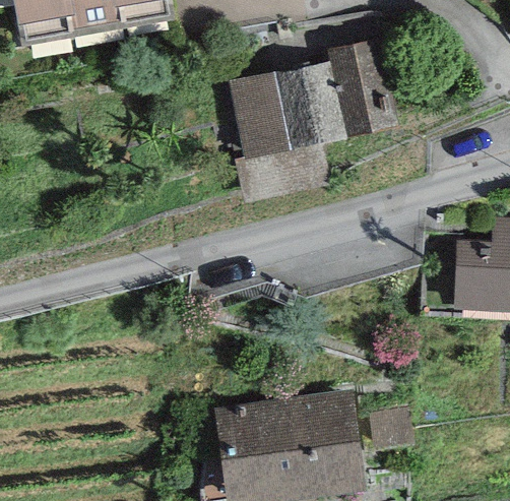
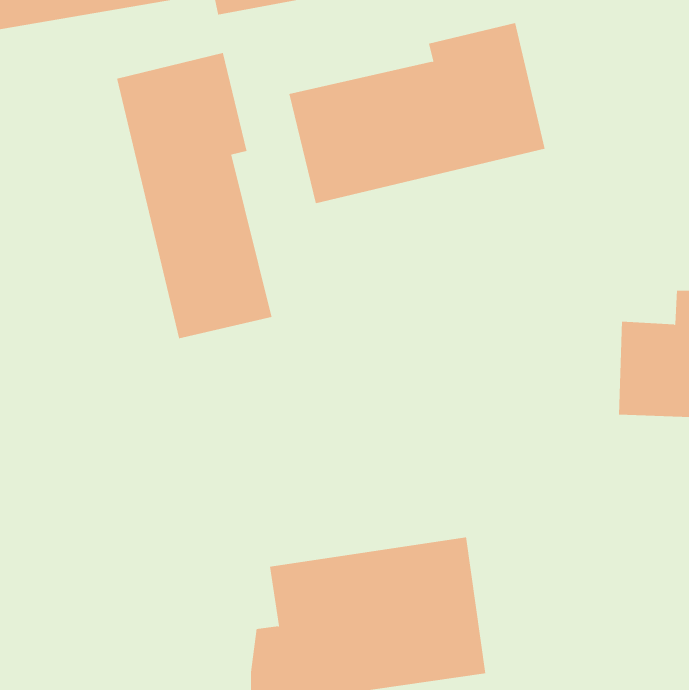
building: none -> [117,52,272,339]

